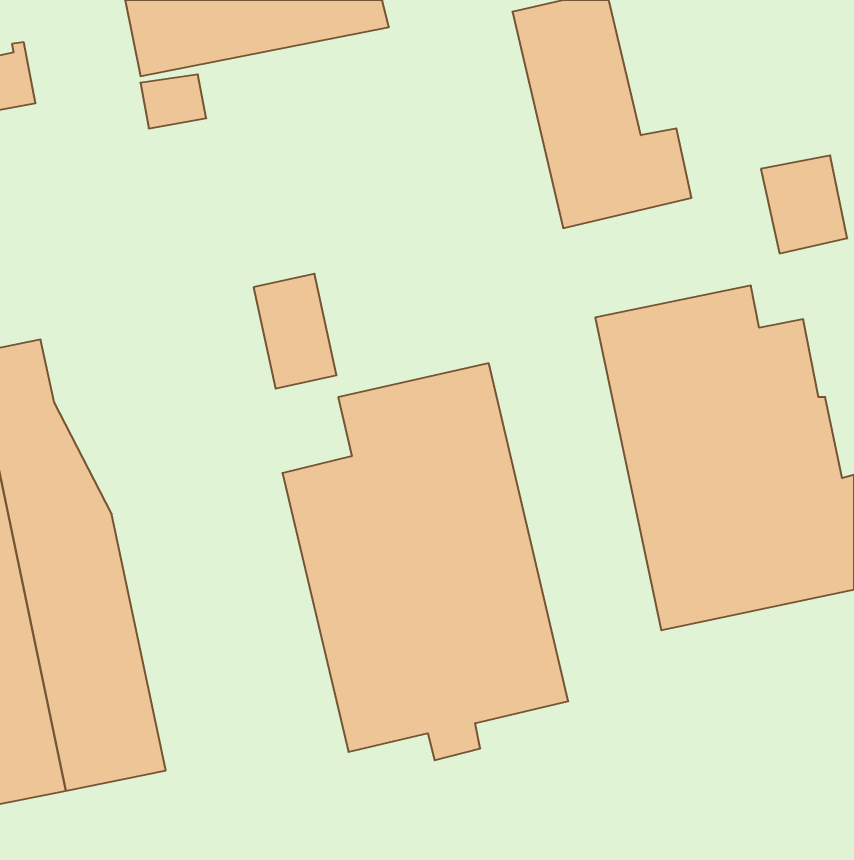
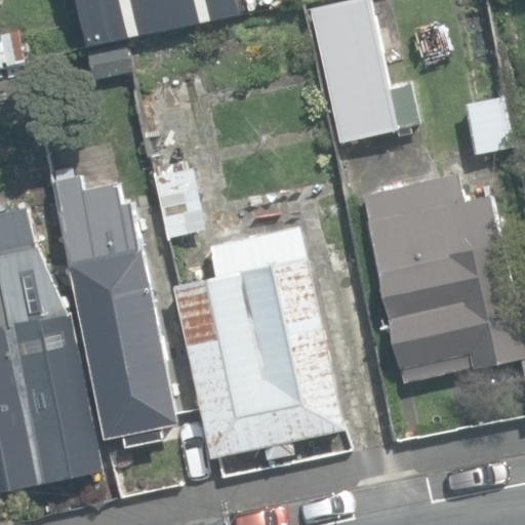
building: none -> [54,175,178,447]

